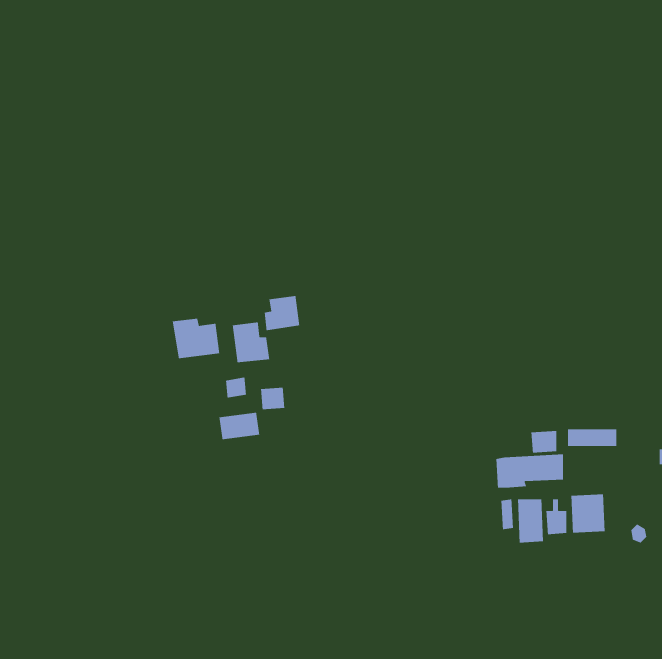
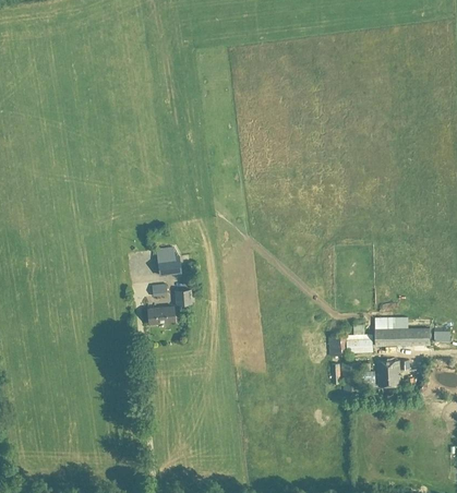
building: [264,295,300,331] -> none
building: [172,318,220,359] -> none
building: none -> [376,328,430,346]

